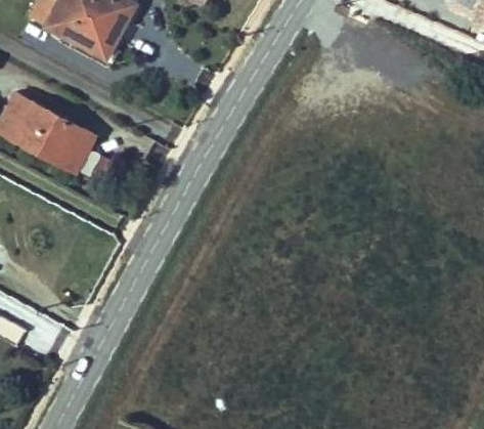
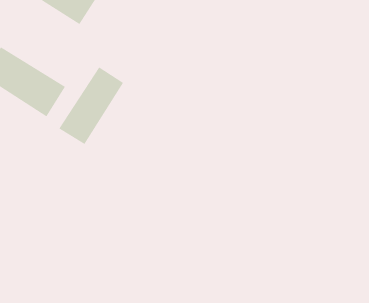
building: none -> [59,66,124,145]

